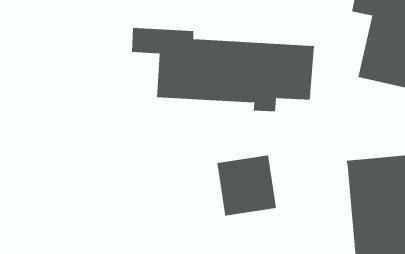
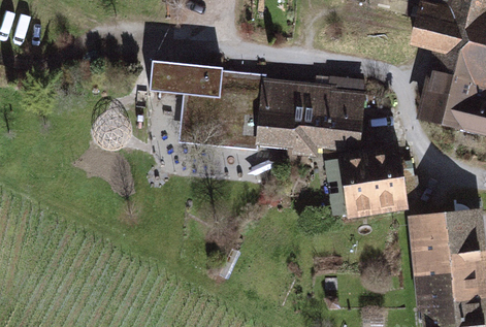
building: [217,155,277,216] -> [341,145,411,217]

